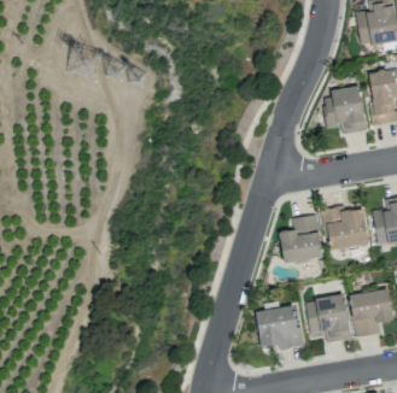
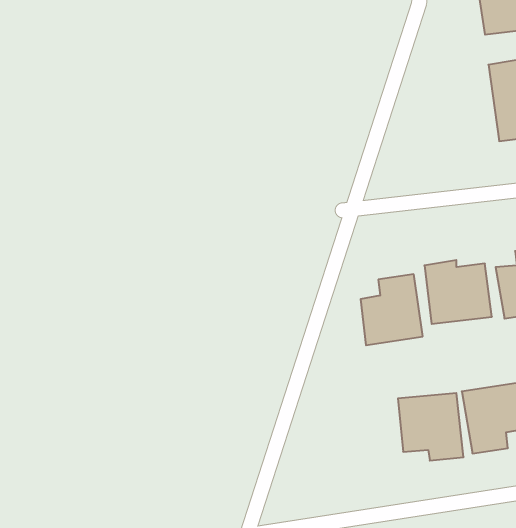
building: [322,86,367,131] -> none
building: [255,303,302,347] -> none

